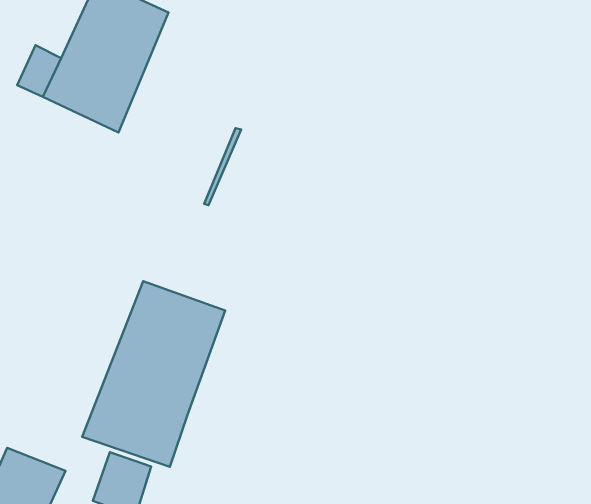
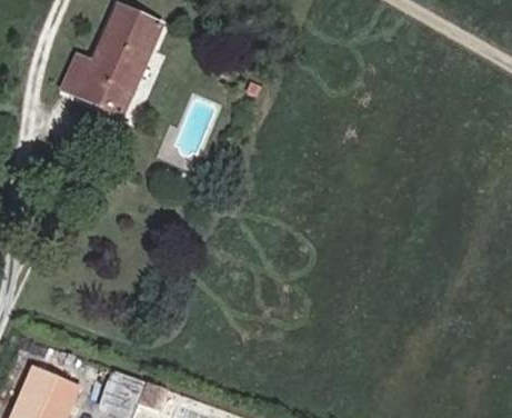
building: [82,281,225,467] -> none

